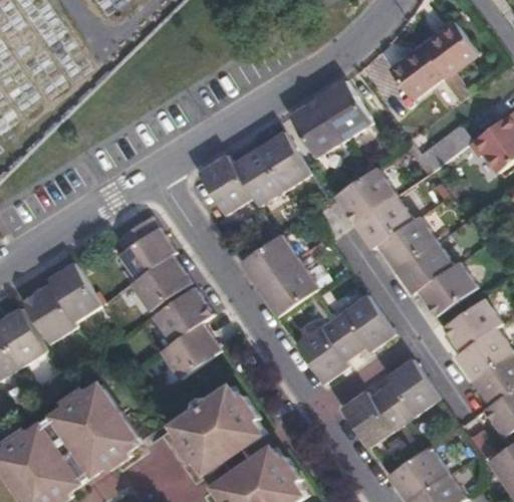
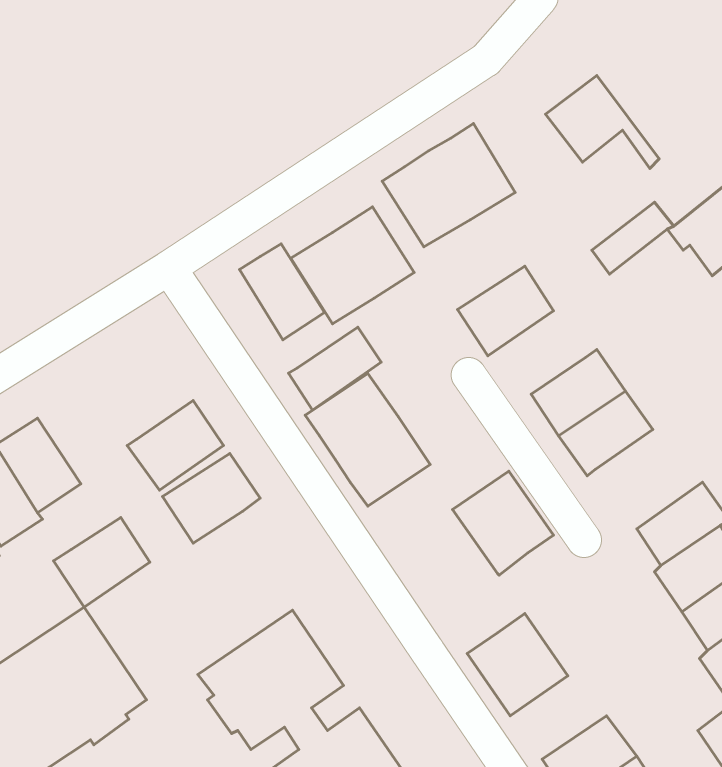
building: [422,23,477,100] -> none
building: [353,196,415,252] -> none
building: none -> [288,327,381,410]
building: [115,215,173,276] -> none
building: [421,267,480,320] -> none
building: [296,320,359,386] -> none
building: [158,321,218,378] -> [54,517,150,607]
building: [376,360,440,425] -> none

